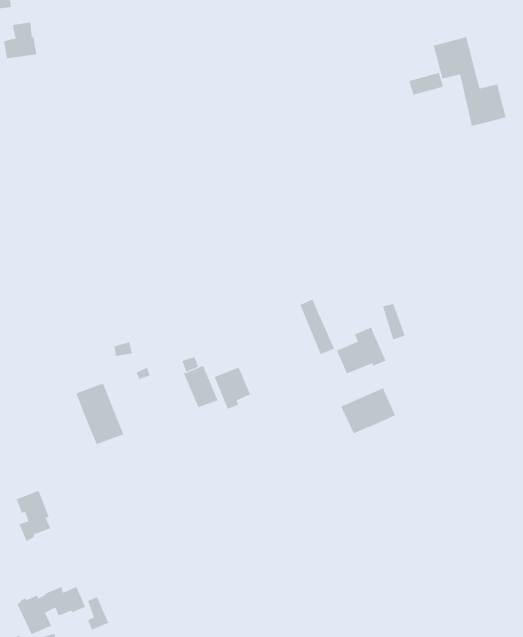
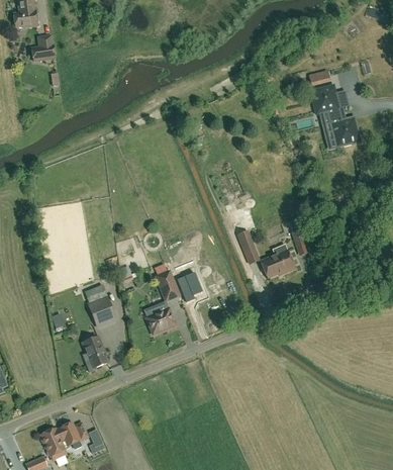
building: [433,37,507,126] -> [310,85,361,147]
building: [340,388,396,434] -> none
building: none -> [146,308,177,335]
building: [16,490,51,542] -> [82,337,106,372]

